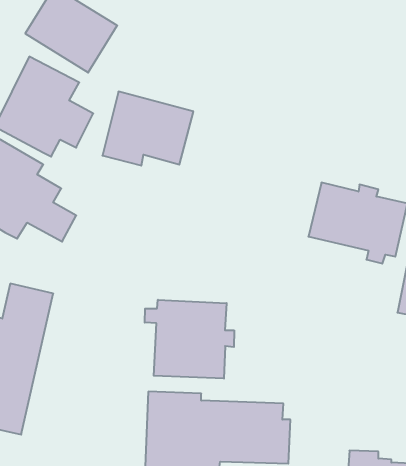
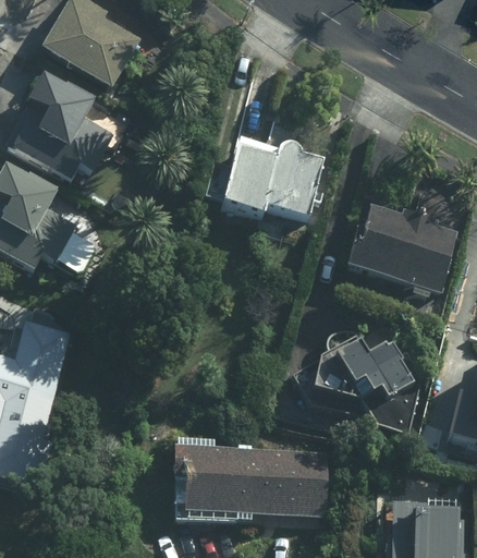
building: [102,92,193,166] -> [223,136,322,217]
building: [145,300,234,379] -> none
building: none -> [296,338,416,433]

